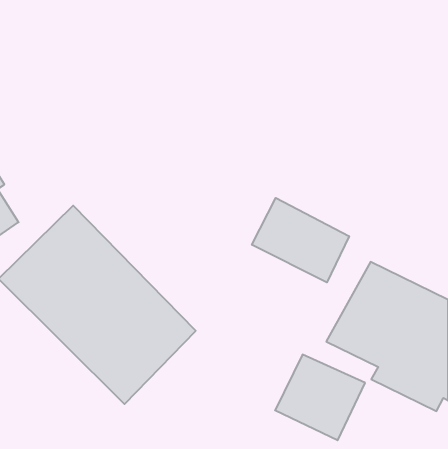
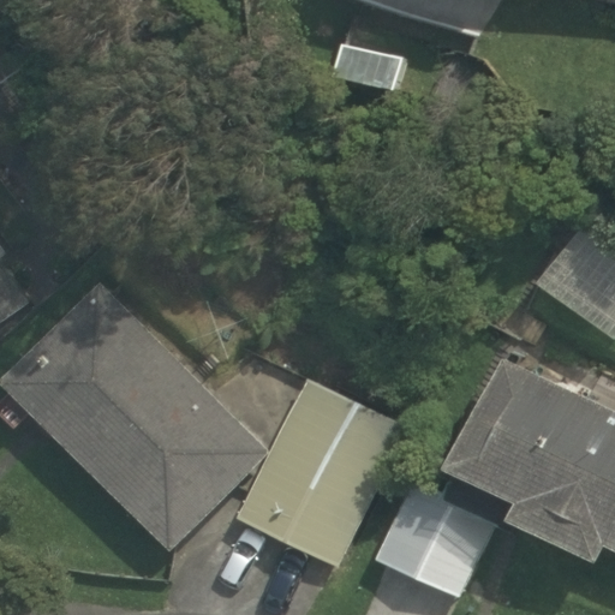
building: [252,198,349,282] -> none
building: none -> [237,380,408,569]

